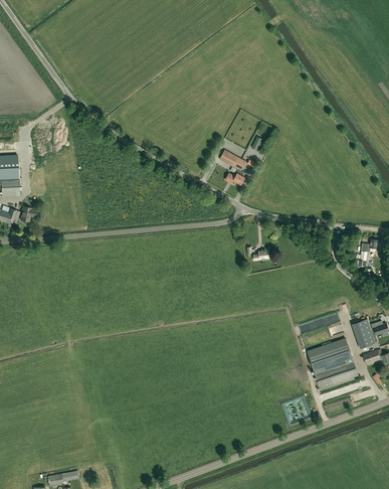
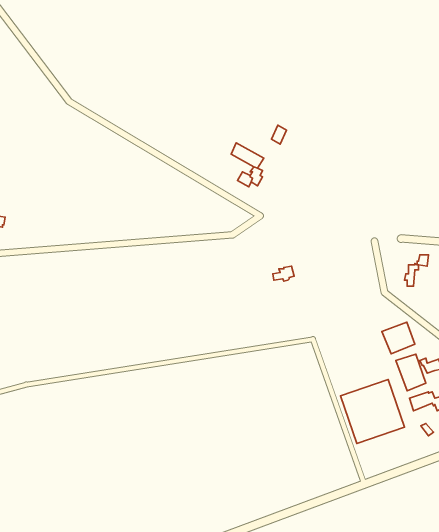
building: none -> [382,322,415,354]

